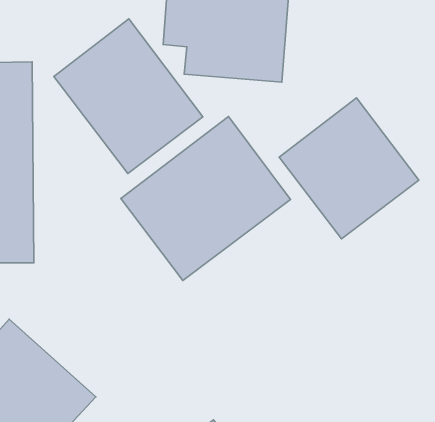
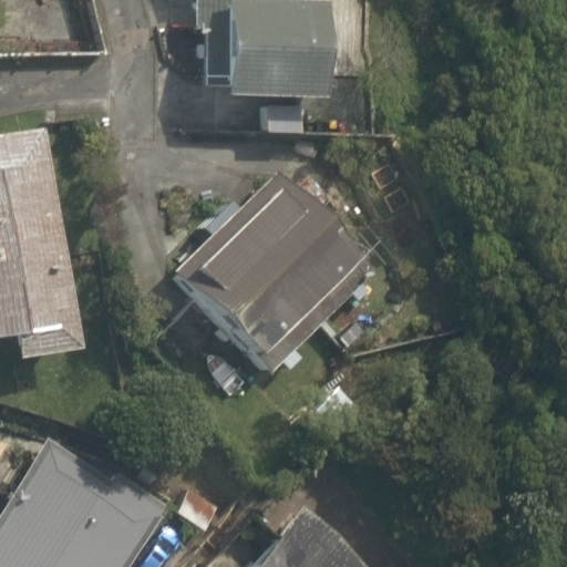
building: [54,19,203,174] -> none
building: [279,98,419,239] -> none

